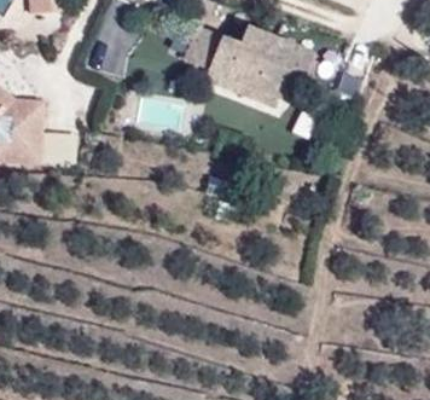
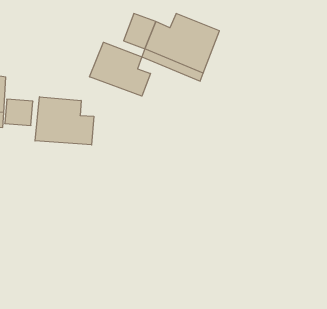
building: none -> [90,42,150,96]
building: none -> [35,97,94,145]

